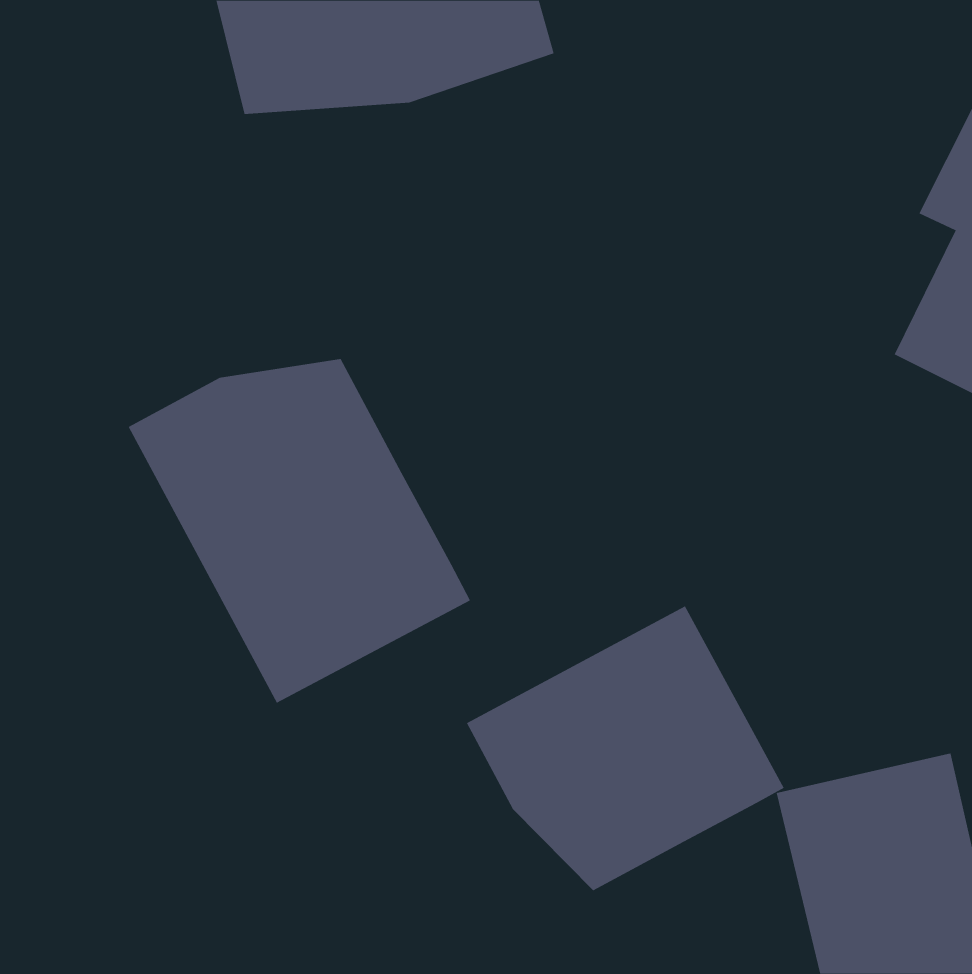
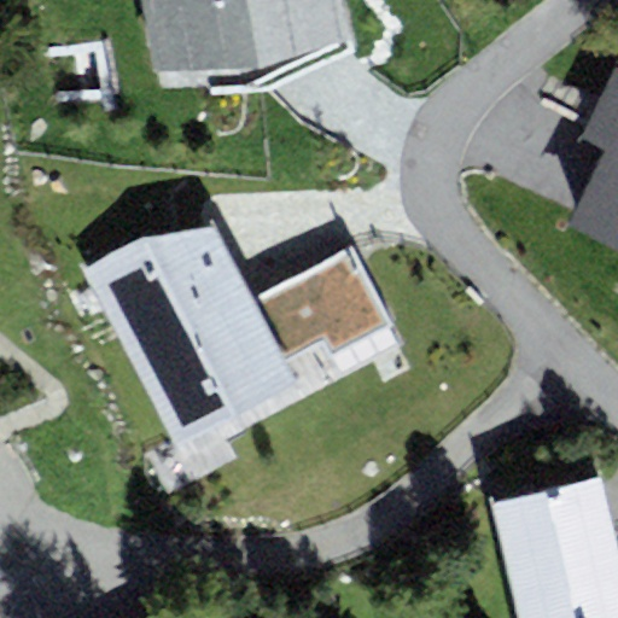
building: none -> [256,247,392,357]
building: [466,605,784,891] -> none

